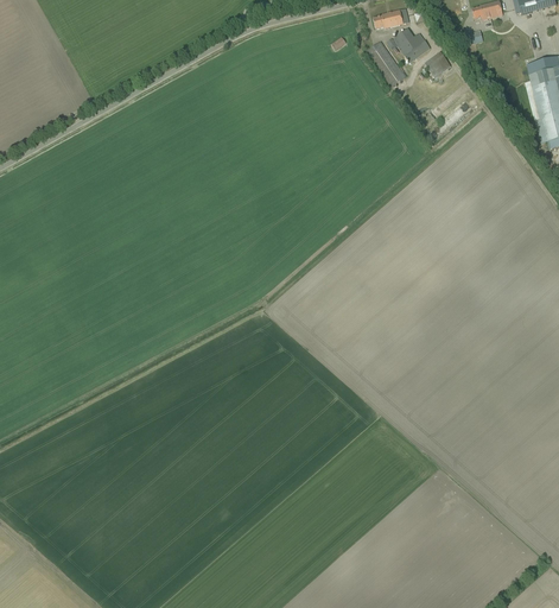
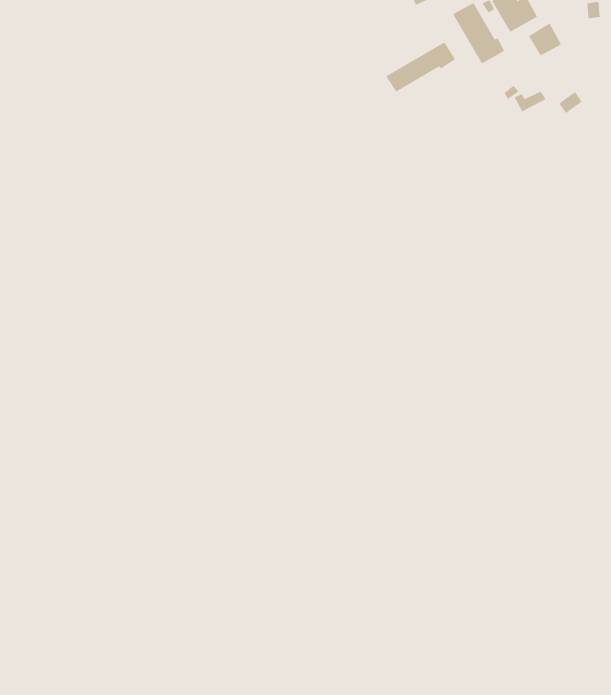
building: none -> [385,41,455,93]

